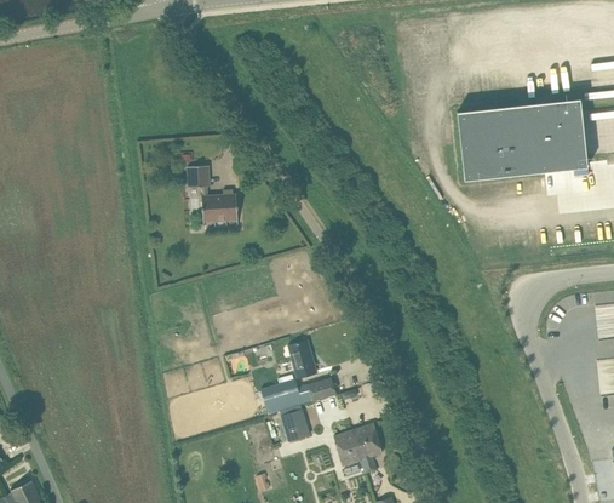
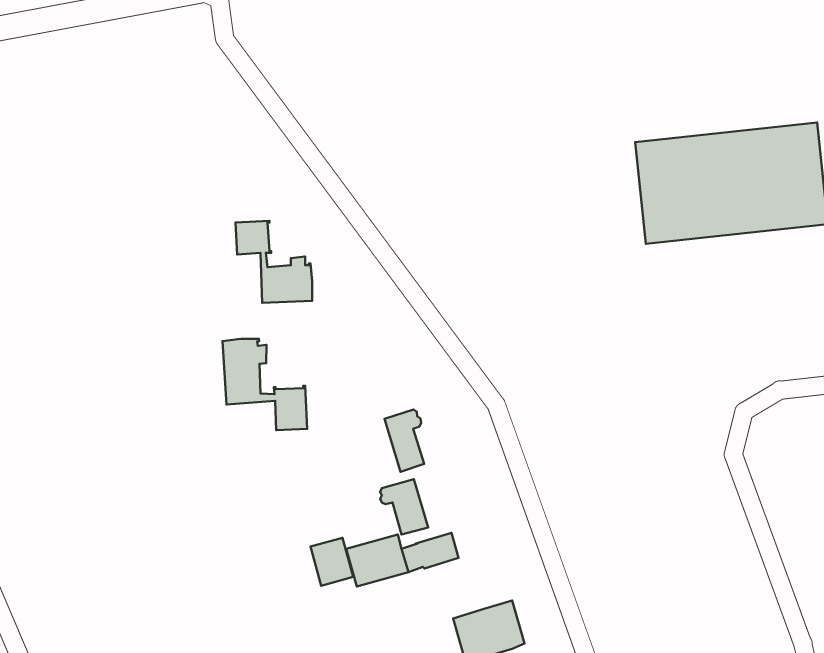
building: none -> [222,339,307,430]
building: none -> [385,410,424,472]
building: [281,410,310,442] -> [310,538,353,586]

